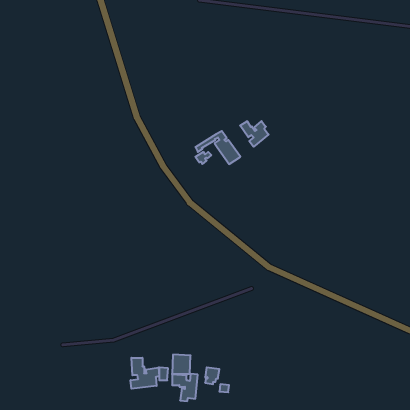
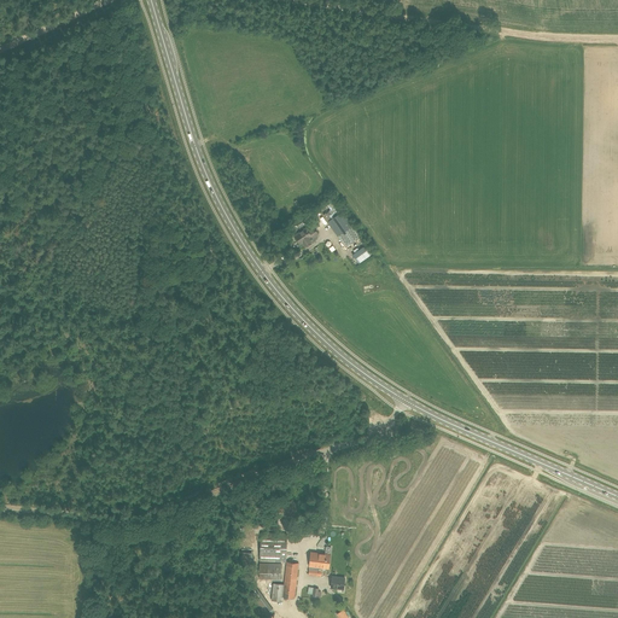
building: [240,121,269,147] -> none
building: [131,358,159,389] -> none

